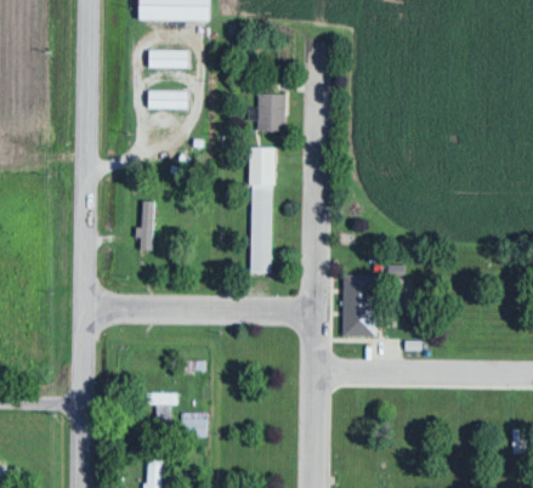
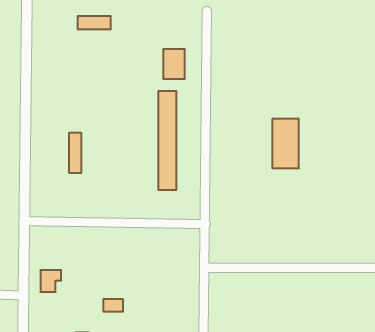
building: [147,91,188,109] -> none
building: [342,274,376,337] -> [272,119,299,168]
building: [151,393,177,421] -> [40,270,61,292]

